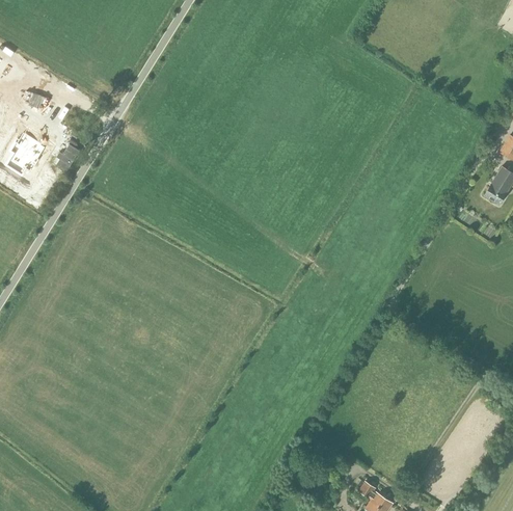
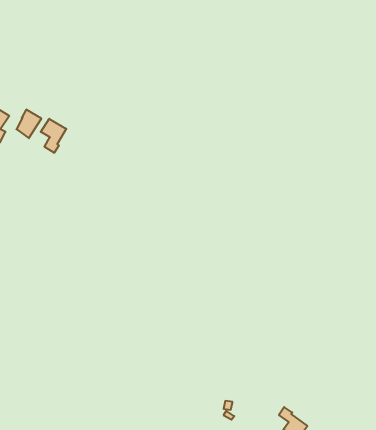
building: none -> [41,119,66,153]

